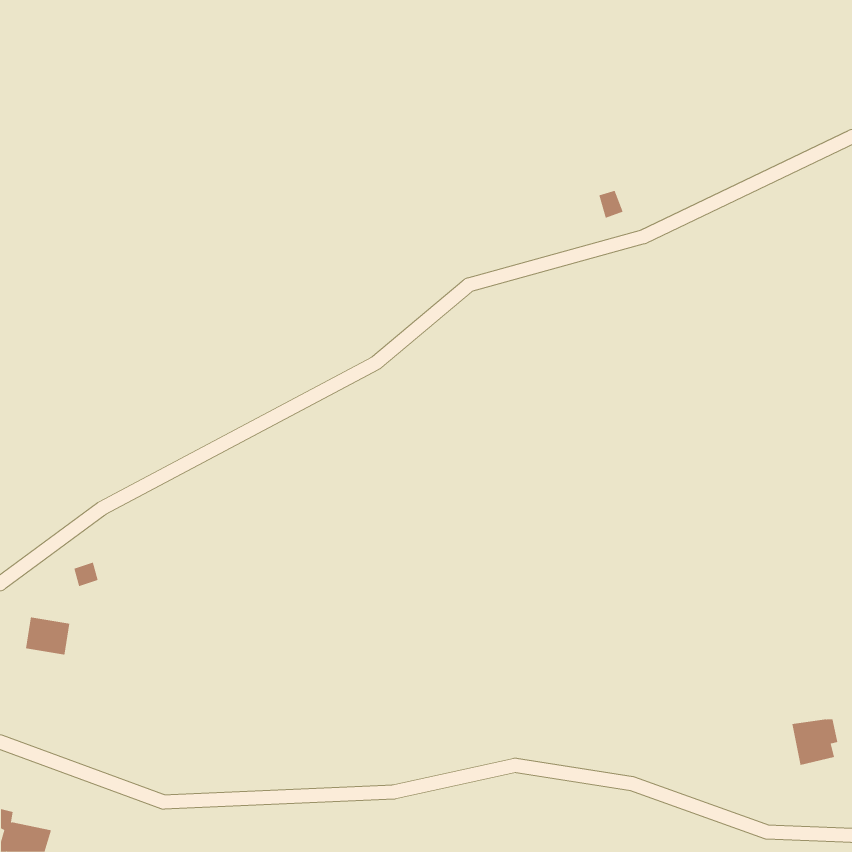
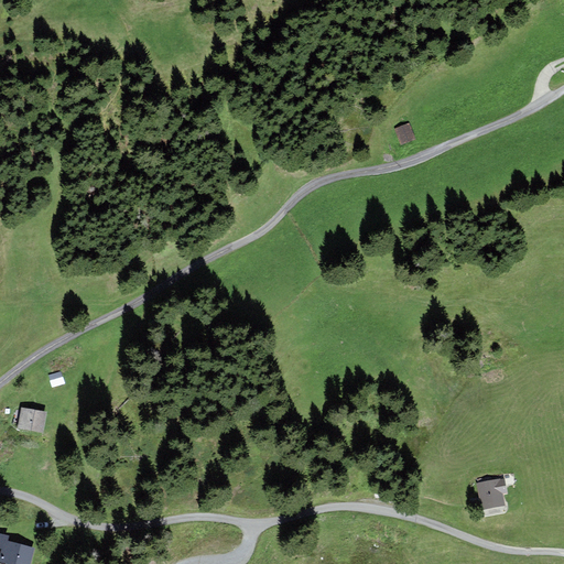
building: [791,719,838,766] -> [477,479,508,510]

